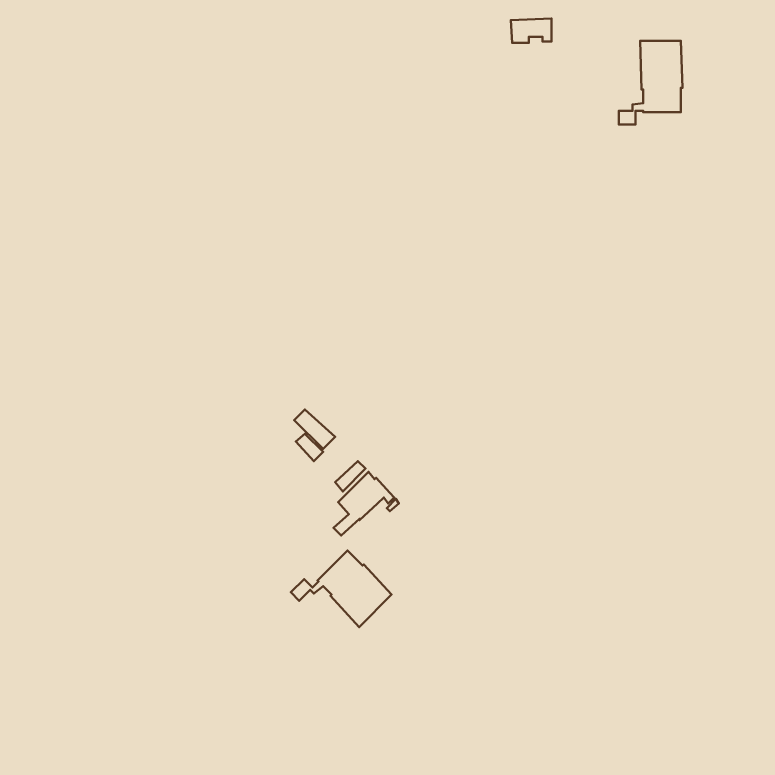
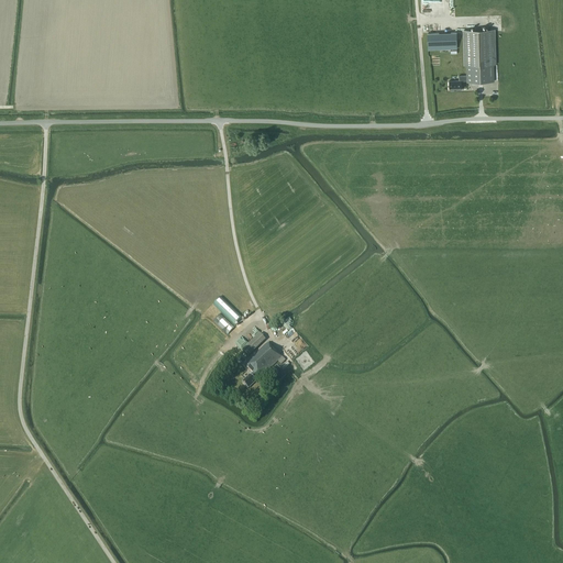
building: [511,19,552,43] -> [427,32,456,49]
building: [291,551,392,627] -> none

